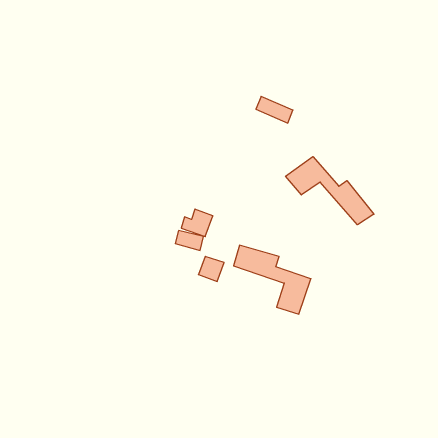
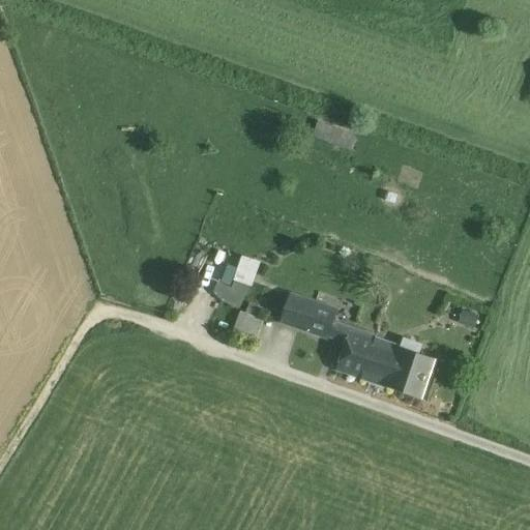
building: [286,157,374,225] -> none
building: none -> [360,335,436,398]

